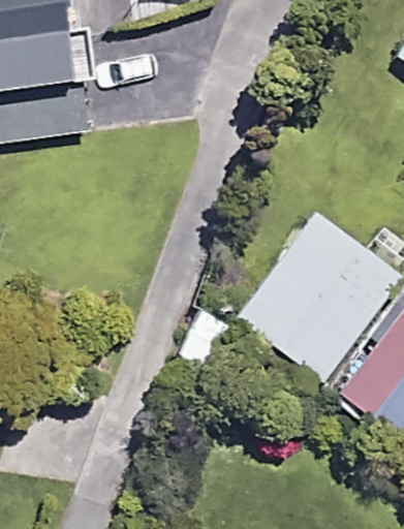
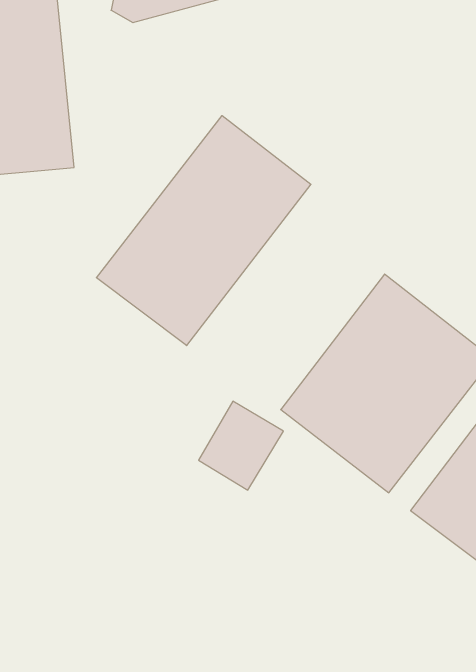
building: none -> [96,116,311,346]

